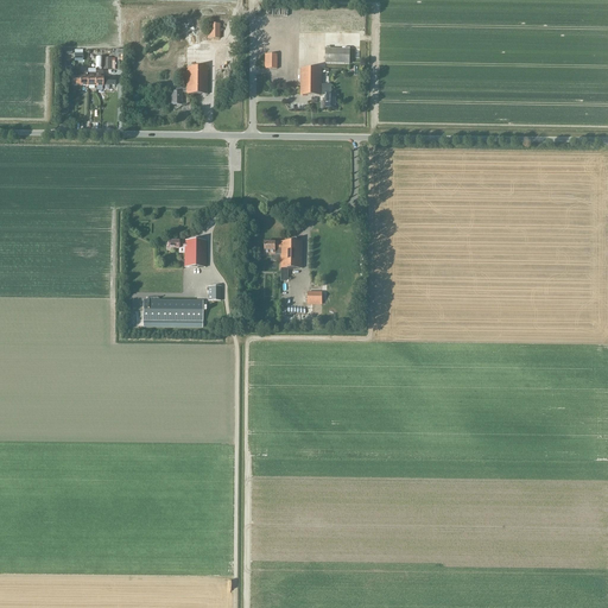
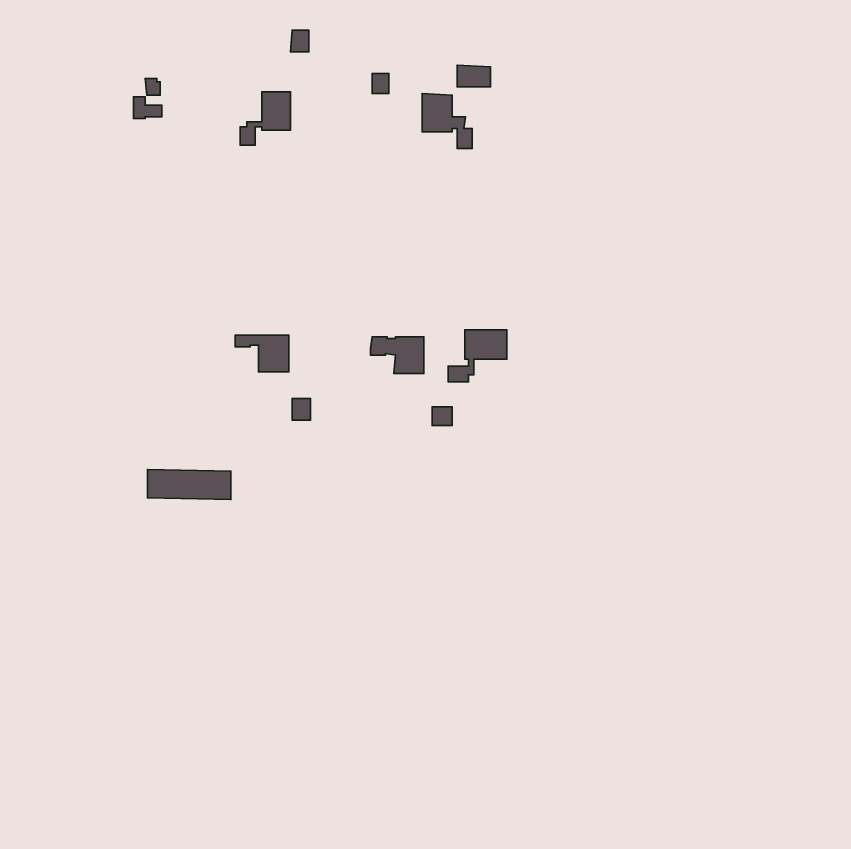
building: none -> [448,330,507,382]
building: [144,298,203,319] -> [147,470,231,500]

